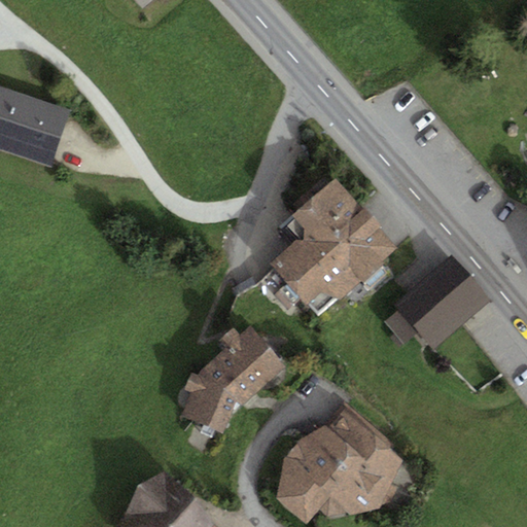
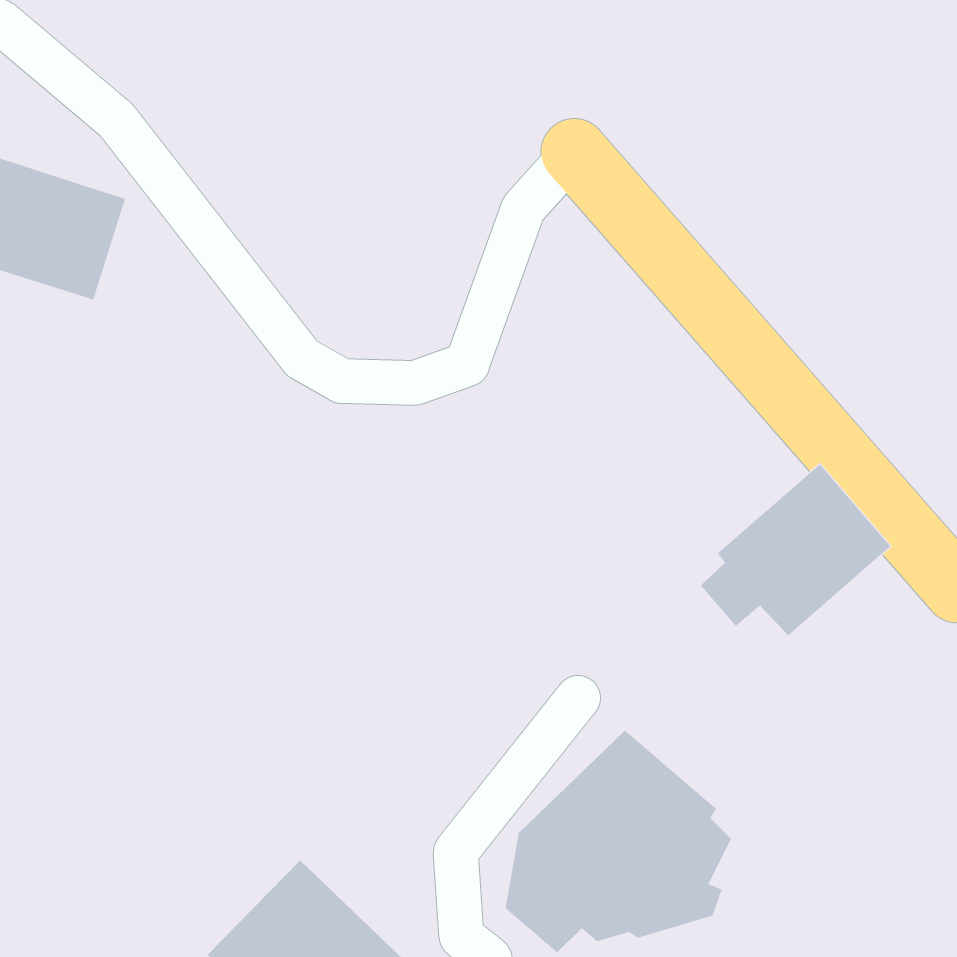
building: [269,178,395,306] -> none
building: [181,325,285,434] -> none

